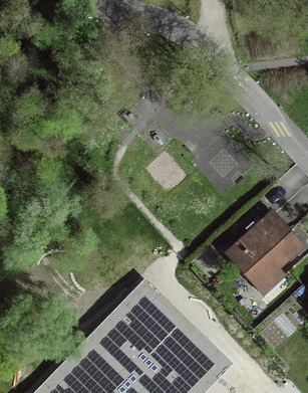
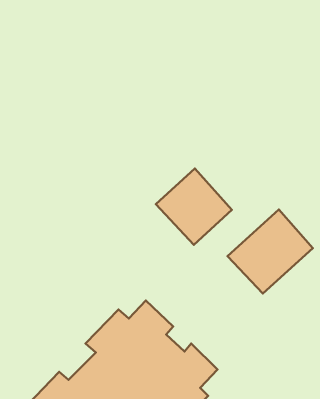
building: none -> [156,169,232,245]

